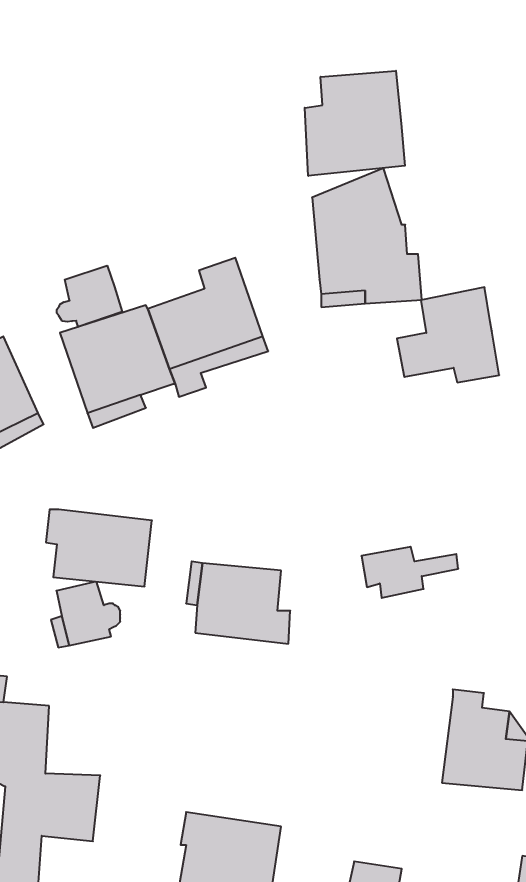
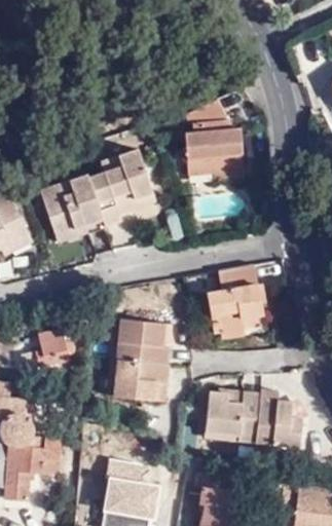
building: [305,71,405,176] -> none
building: [57,266,122,327] -> none
building: [397,287,499,382] -> [205,265,262,318]
building: [46,509,152,586] -> [108,359,168,402]
building: none -> [204,390,260,443]

